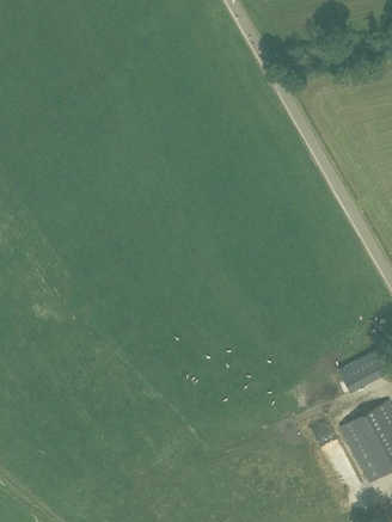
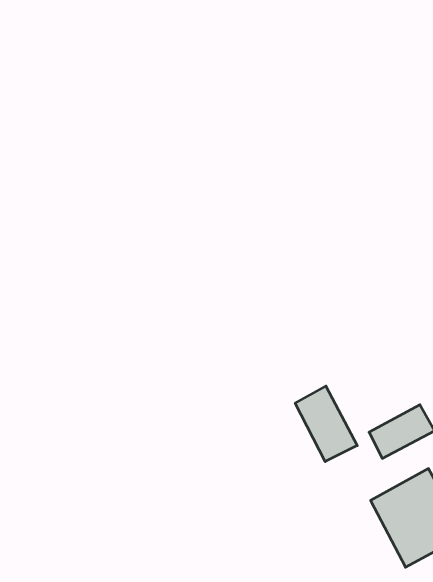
building: none -> [295,386,357,462]

